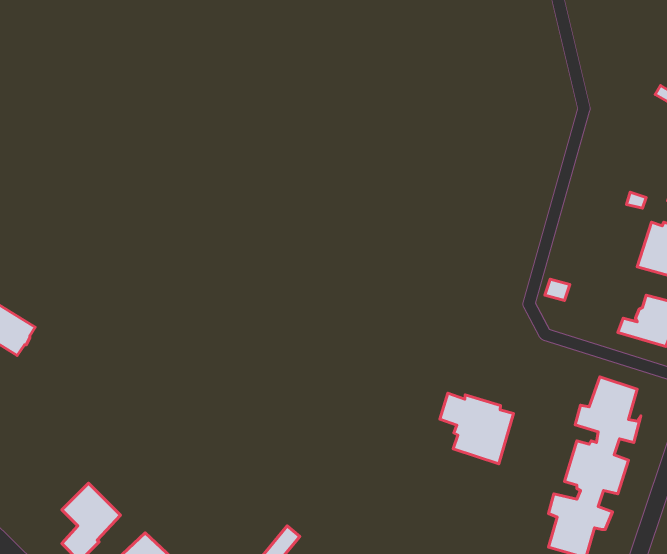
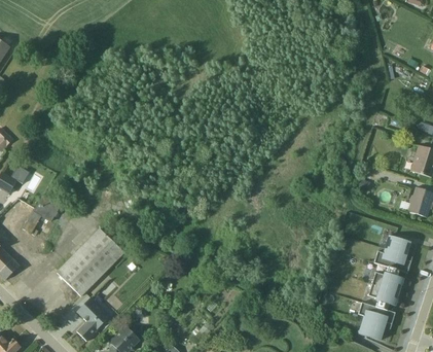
building: none -> [57,227,125,296]
building: [440,393,513,464] -> none

